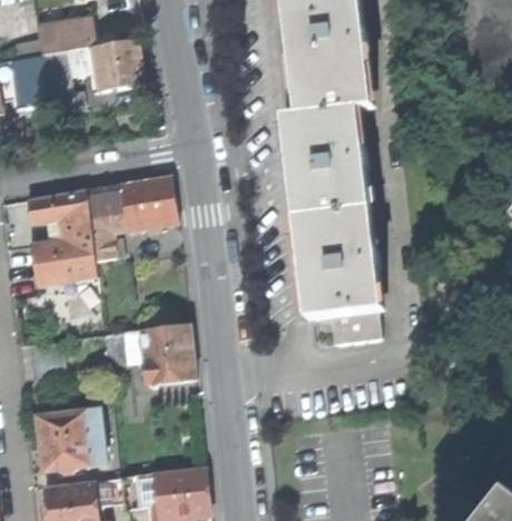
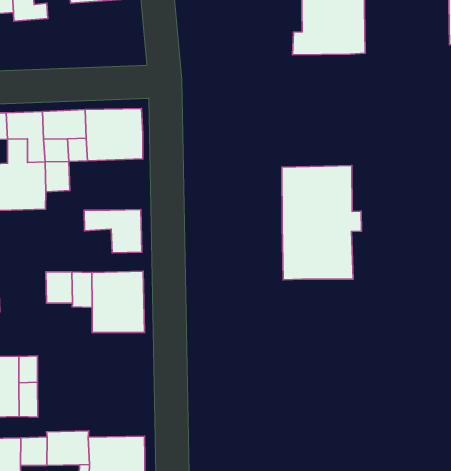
building: [291,111,366,218] -> none
building: none -> [84,209,142,253]
building: [329,312,377,343] -> none

